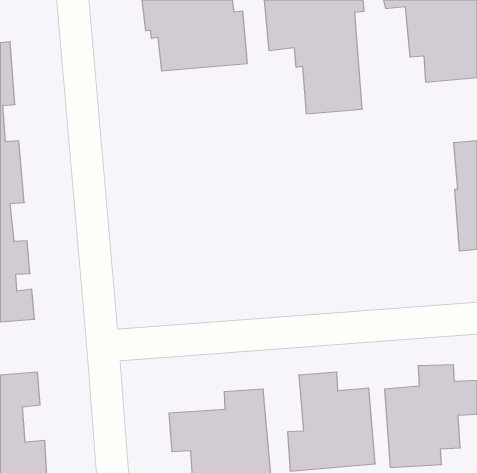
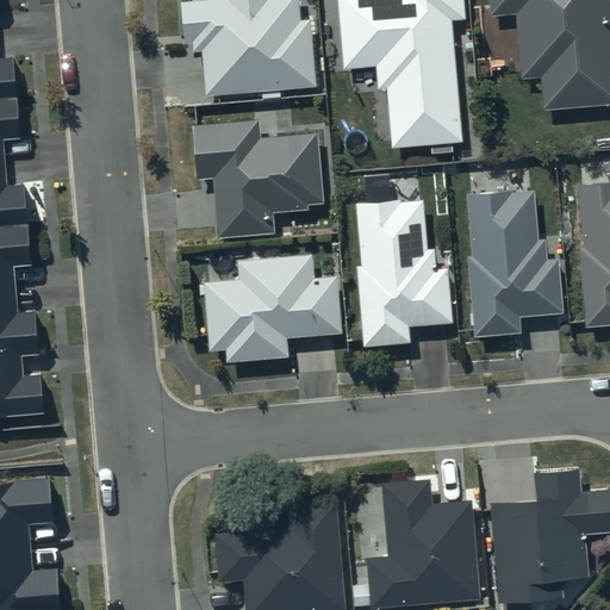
building: none -> [194,120,322,237]
building: none -> [467,189,562,336]
building: none -> [356,200,452,346]
building: none -> [204,255,342,362]

